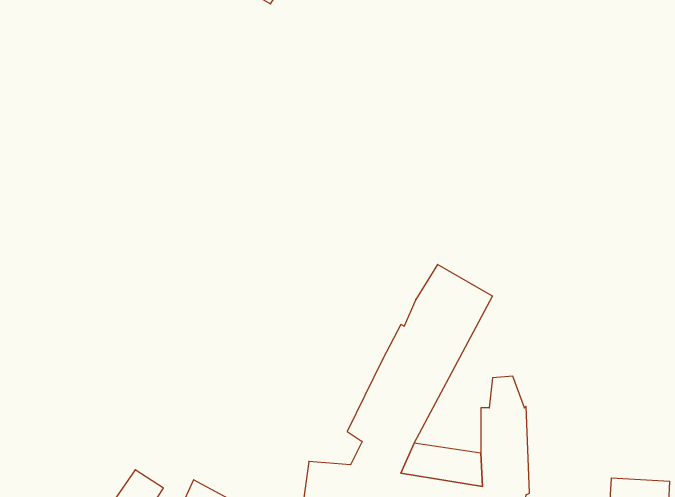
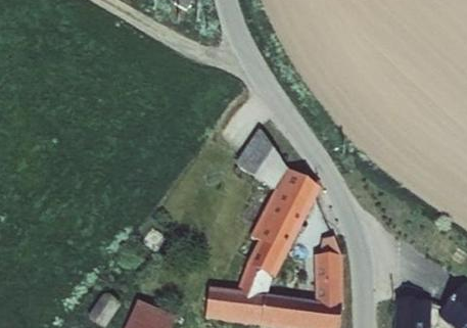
building: none -> [235,127,288,188]

